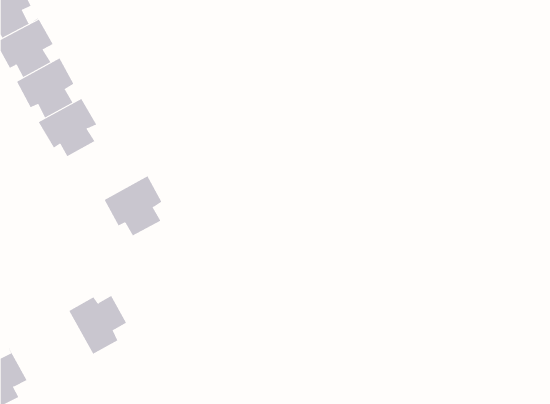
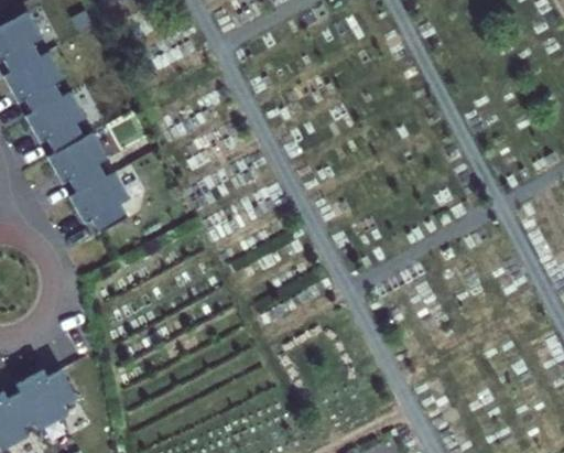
building: [104,176,162,236] -> [69,172,128,233]
building: [69,295,127,355] -> [18,366,76,425]

